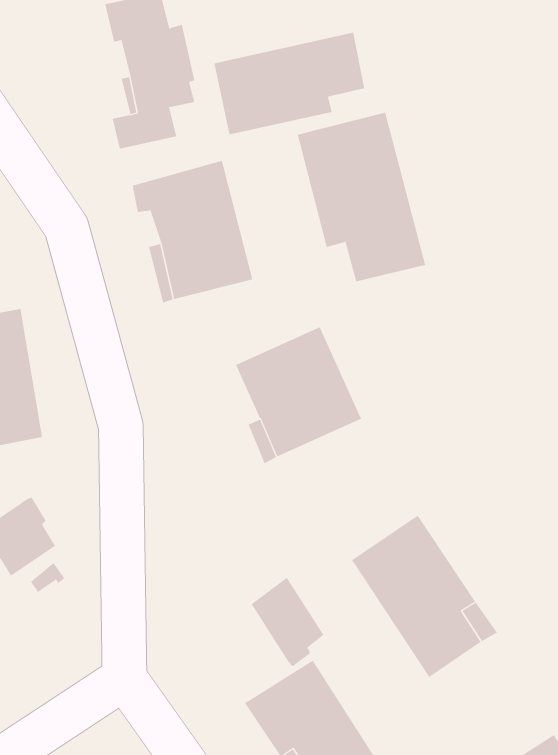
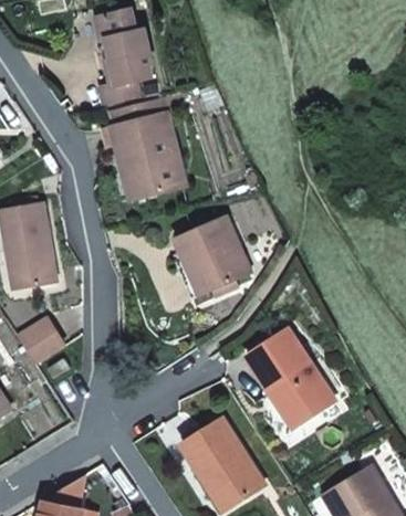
building: [214,32,365,135] -> none
building: [297,112,426,282] -> none
building: [251,577,324,667] -> none

